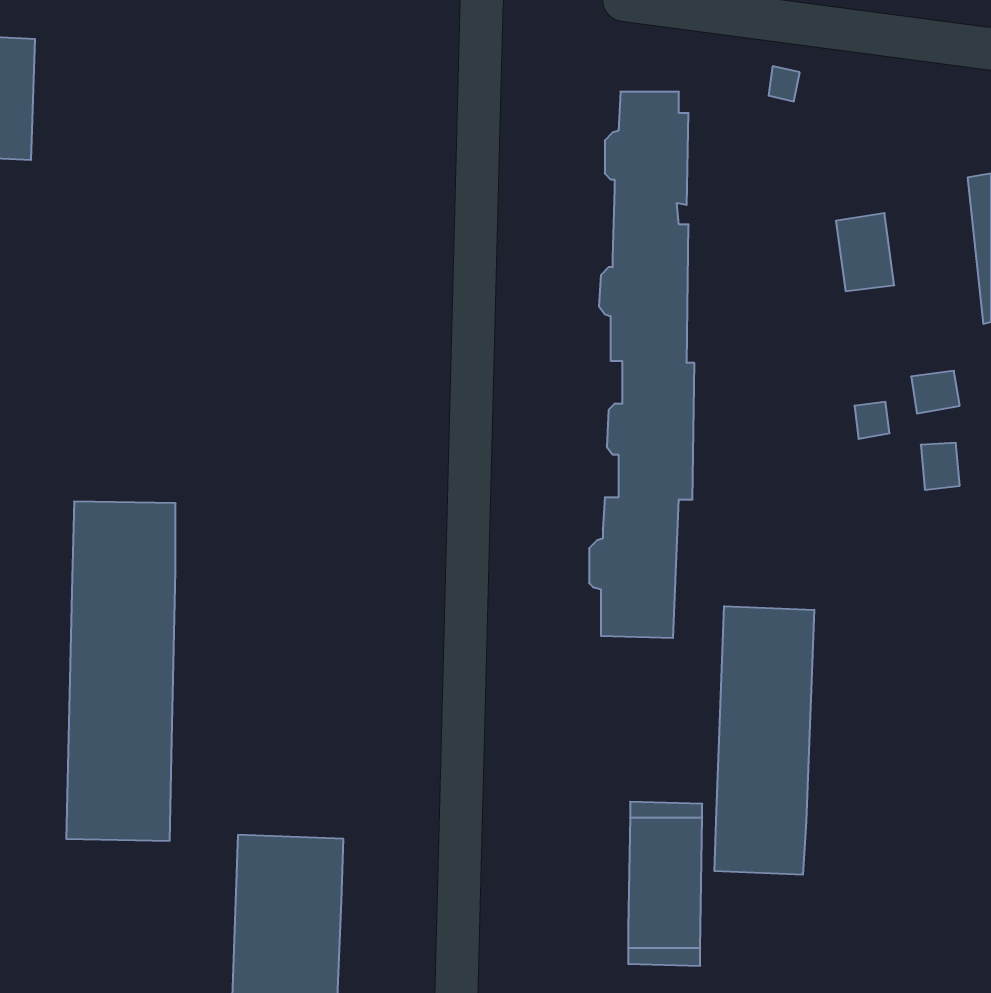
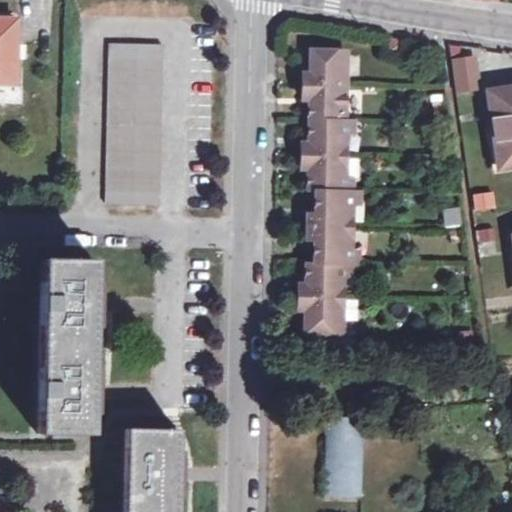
building: none -> [115,58,167,192]
building: [836,213,894,291] -> [445,54,475,94]
building: [714,606,814,875] -> none

